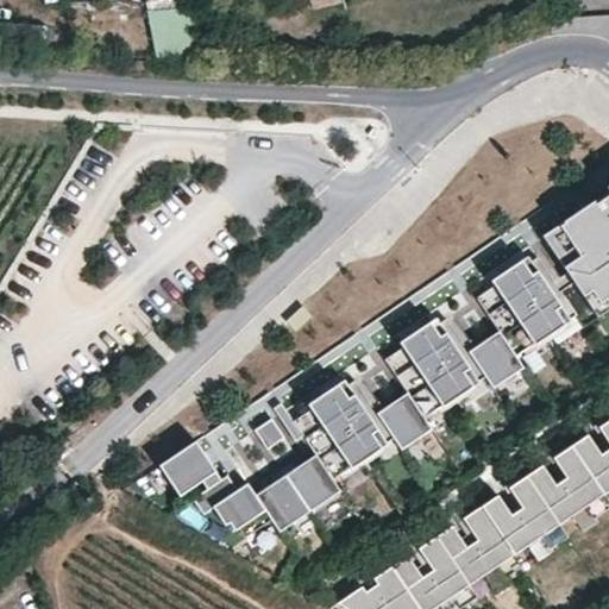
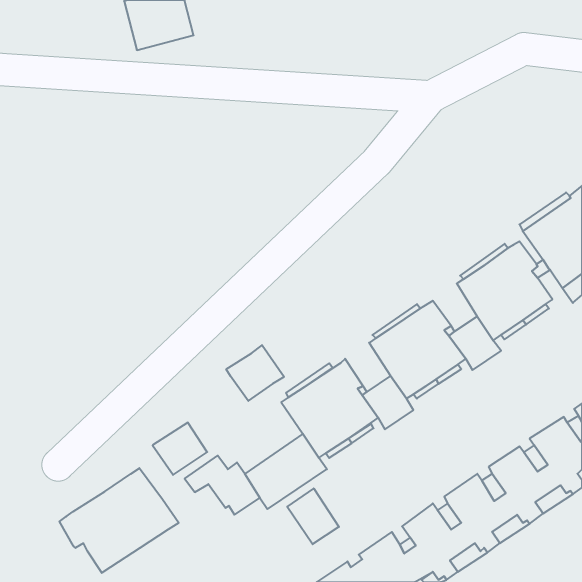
building: none -> [226,345,284,401]
building: none -> [59,468,179,573]
building: none -> [287,488,339,544]

